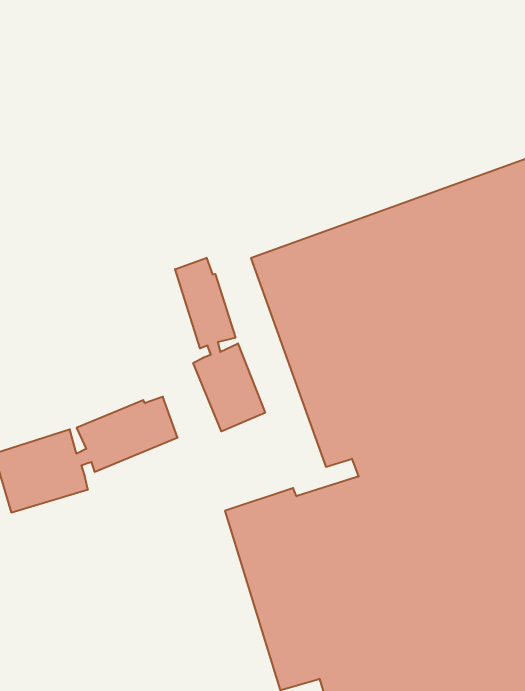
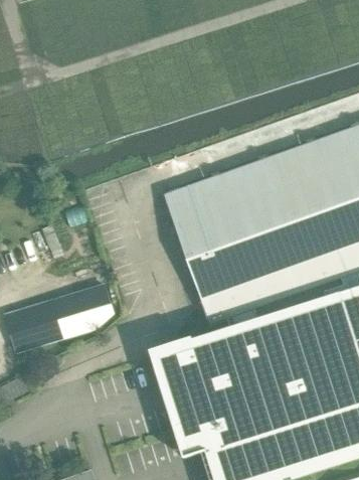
building: [175,258,265,431] -> none

